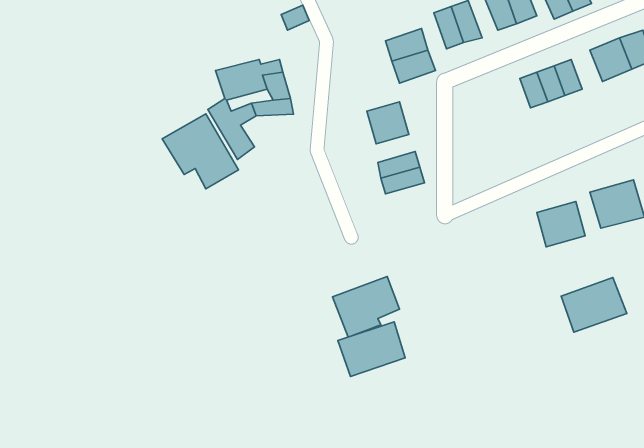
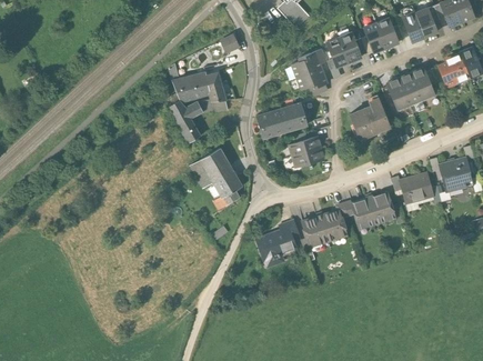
building: none -> [349,100,393,139]
building: none -> [258,109,286,139]
building: [162,114,239,189] -> [191,149,245,202]
building: [561,278,627,332] -> [352,190,399,229]
building: [338,322,405,376] -> [303,209,351,248]

